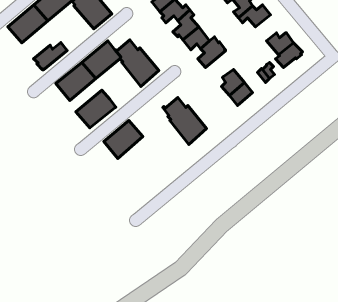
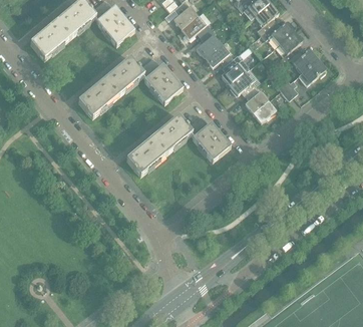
building: none -> [278,30,301,60]
building: [33,42,67,70] -> none
building: none -> [228,66,260,93]
building: [76,90,116,128] -> [150,114,191,152]

